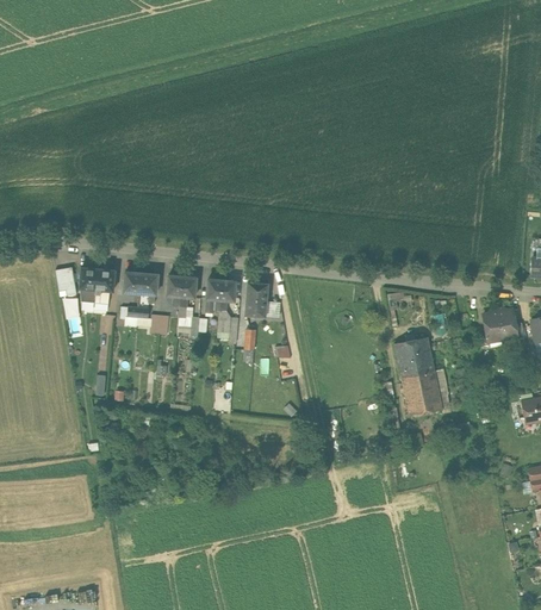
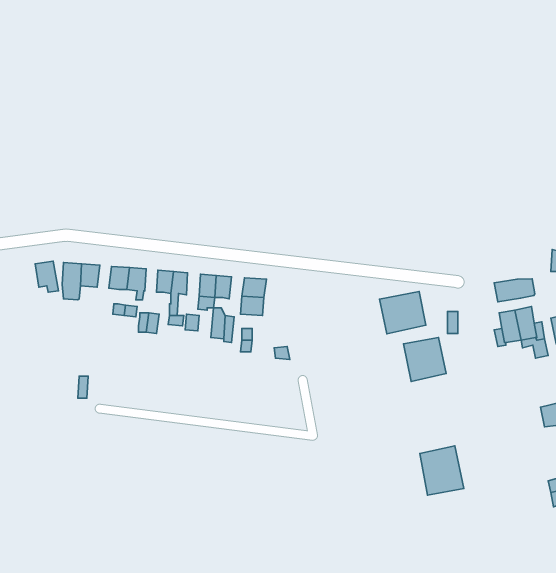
building: none -> [494,279,535,302]
building: none -> [379,292,426,334]
building: [402,371,442,416] -> [420,446,464,495]

